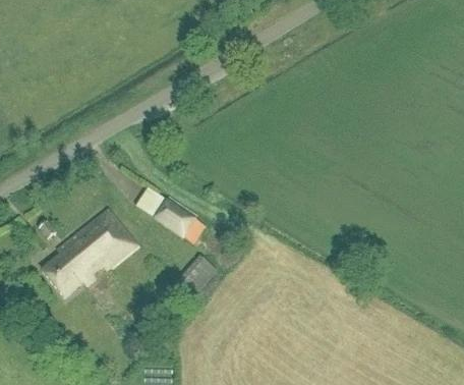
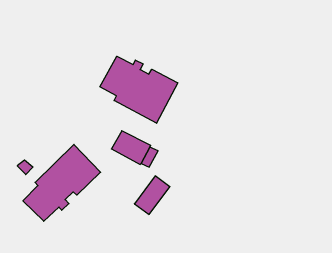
building: none -> [100,56,178,123]

